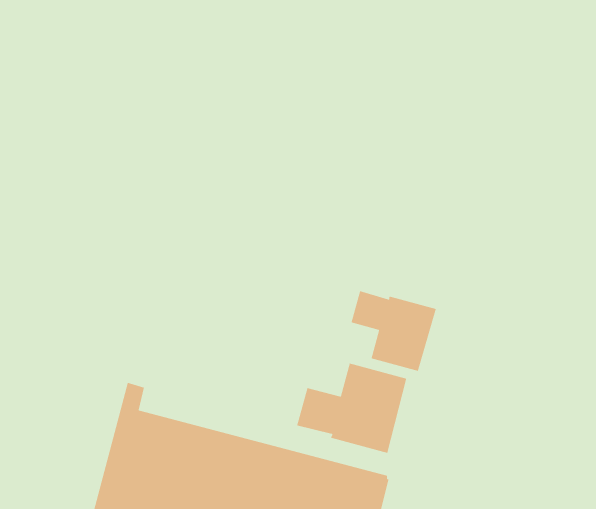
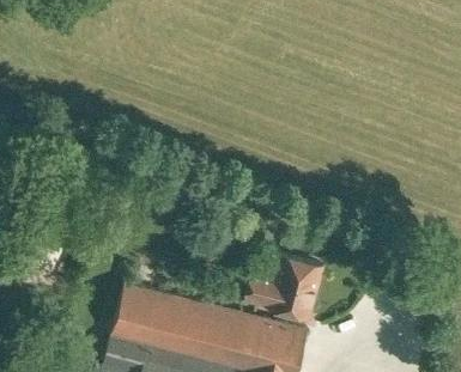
building: [351,290,437,372] -> none

